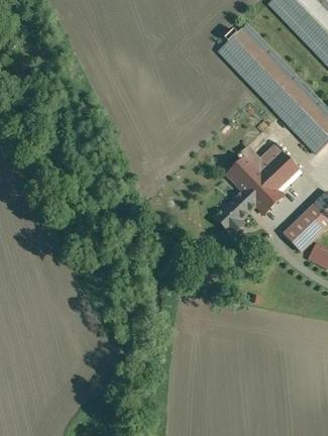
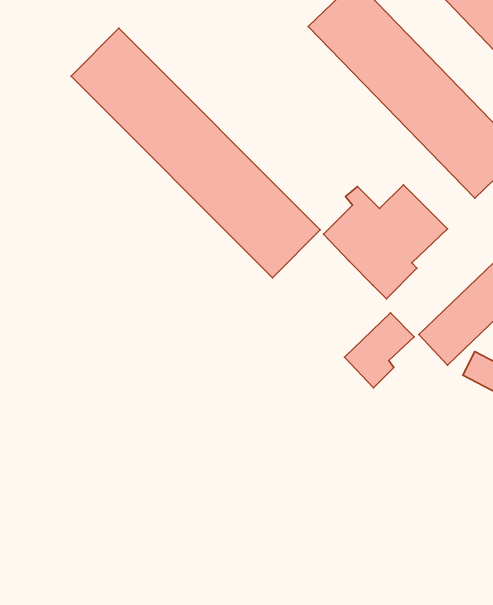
building: none -> [71,28,320,278]
building: [213,190,254,234] -> [345,313,414,388]

